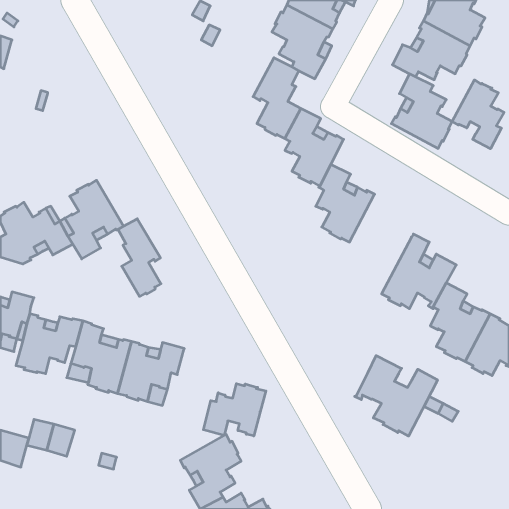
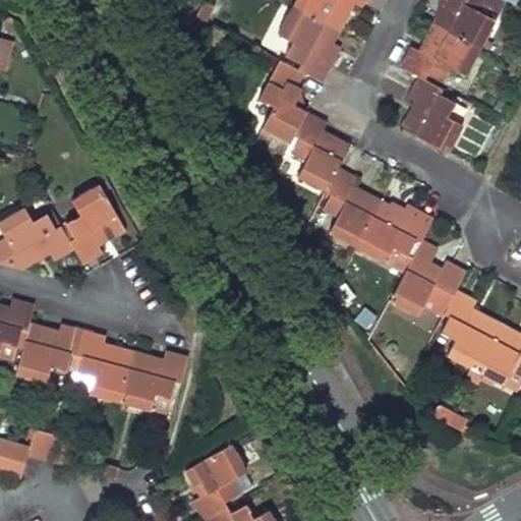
building: [452,80,504,149] -> none
building: none -> [357,198,433,262]
building: [118,219,161,296] -> none
building: [355,356,437,436] -> none
building: [203,384,266,436] -> none

